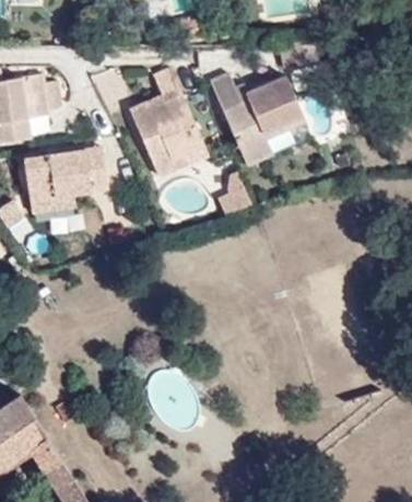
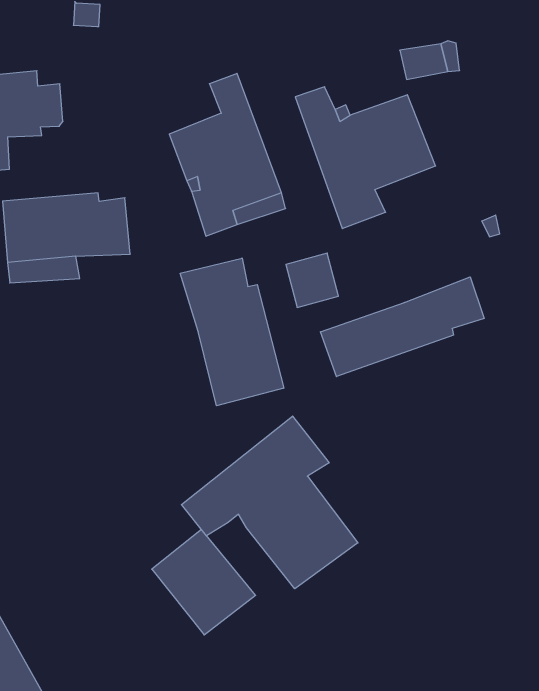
building: none -> [180,258,284,406]
building: none -> [320,277,484,377]
building: none -> [181,416,358,589]

